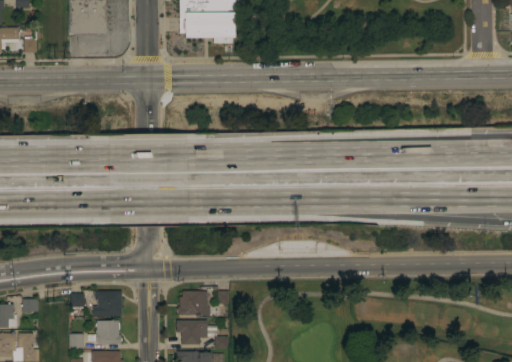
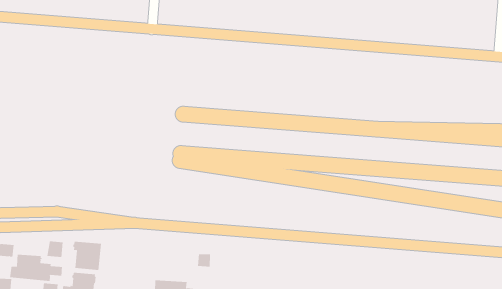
building: [177,290,206,315] -> none
building: none -> [9,254,62,282]

